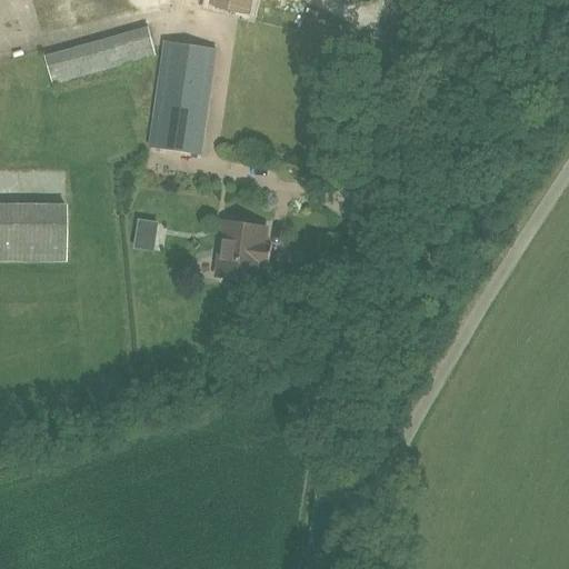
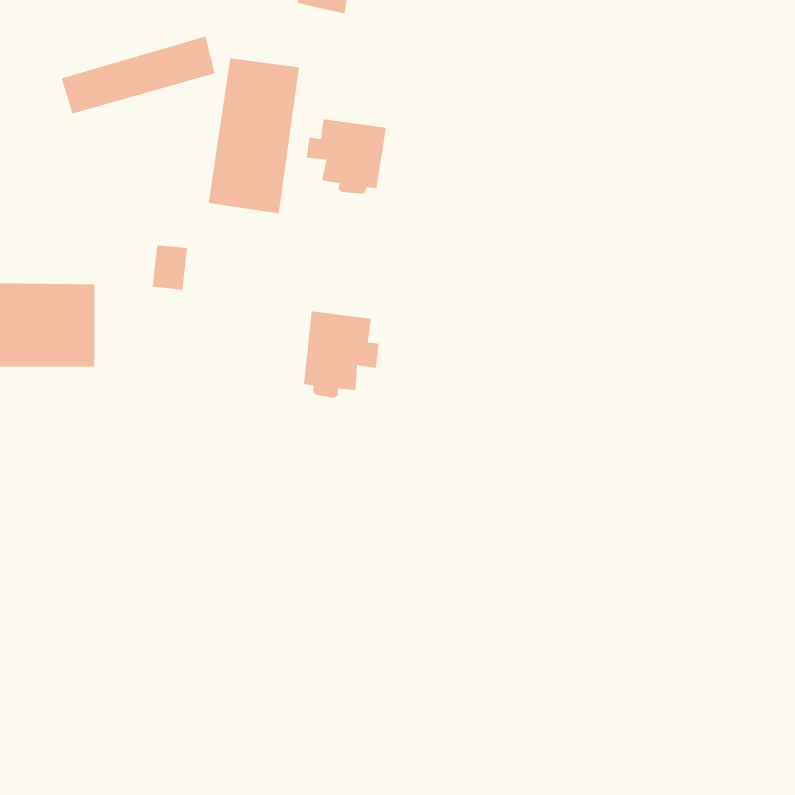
building: none -> [306,119,387,195]
building: [133,217,159,249] -> [152,245,188,290]

